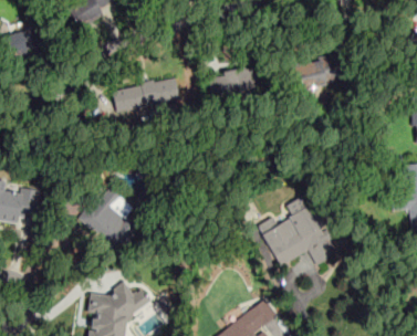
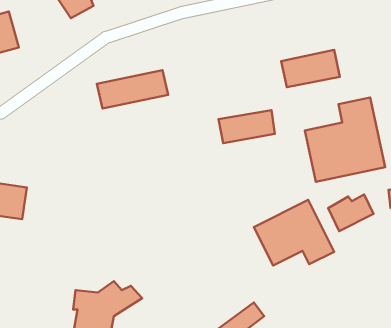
building: [210,64,265,96] -> [218,110,275,143]
building: none -> [305,97,385,182]
building: [82,189,143,250] -> none
building: none -> [328,194,374,231]

